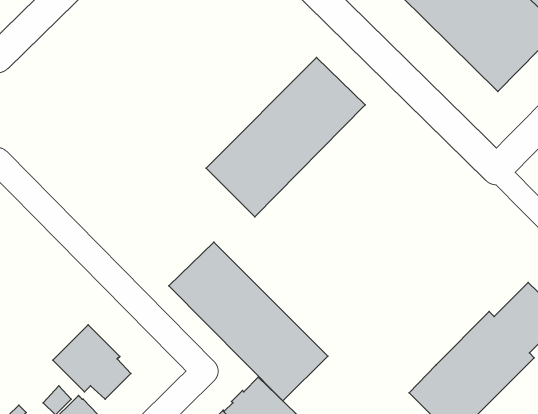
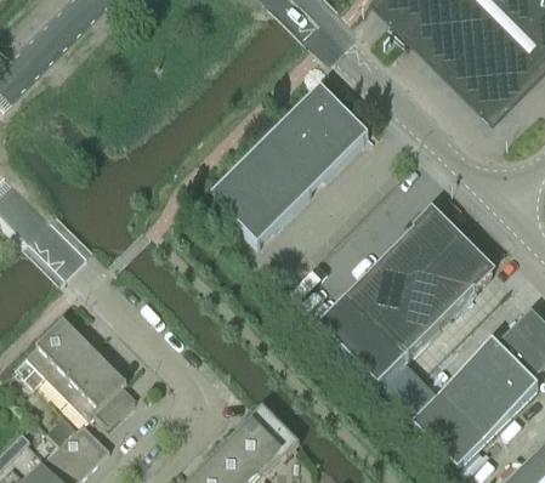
building: none -> [316,210,492,402]
building: [169,242,328,401] -> none
building: none -> [15,320,91,387]

